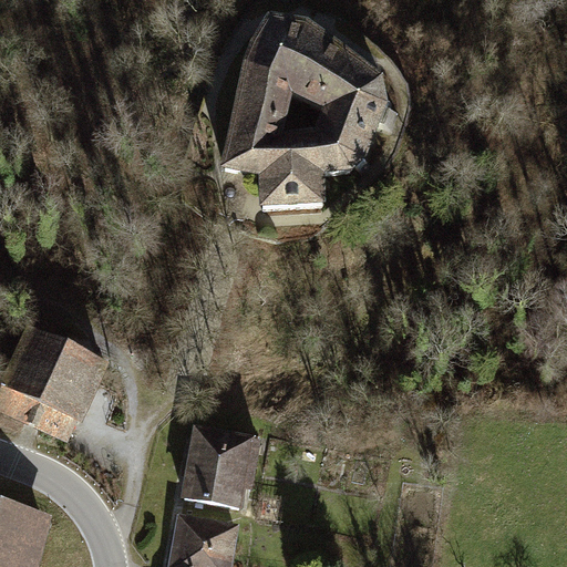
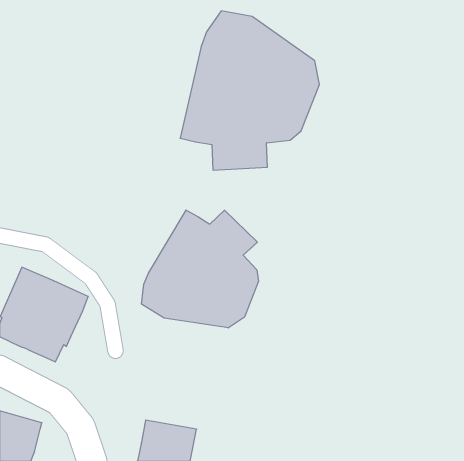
building: none -> [141,210,259,328]
building: [179,424,261,509] -> none

